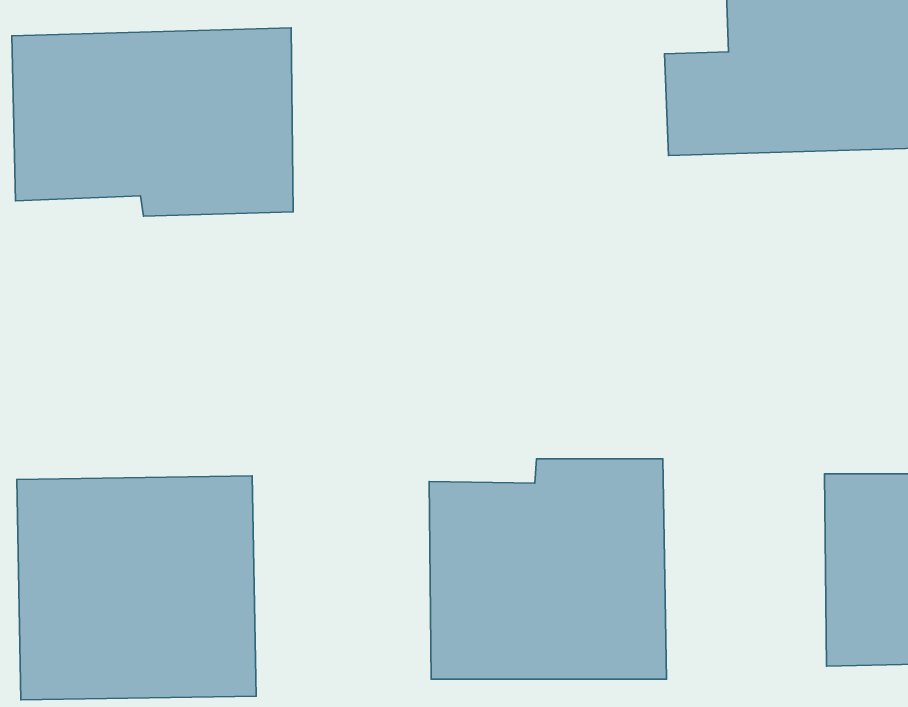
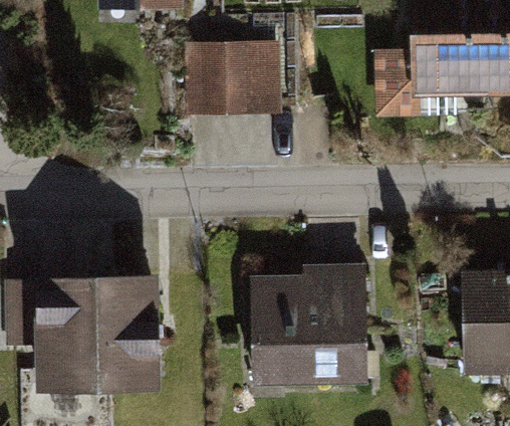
building: [12,28,293,216] -> none
building: none -> [191,42,286,119]

